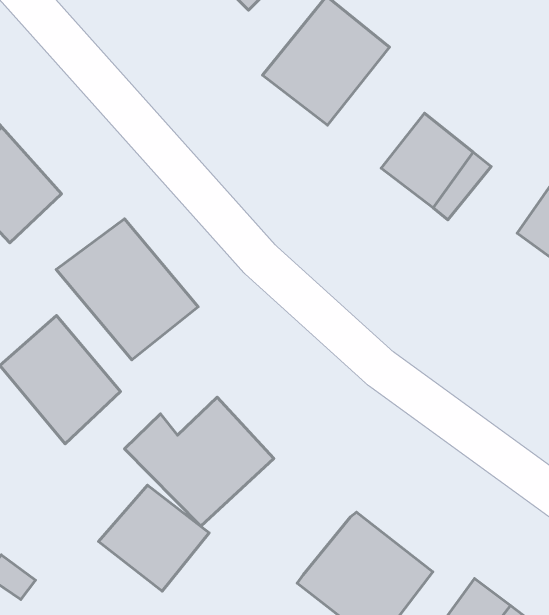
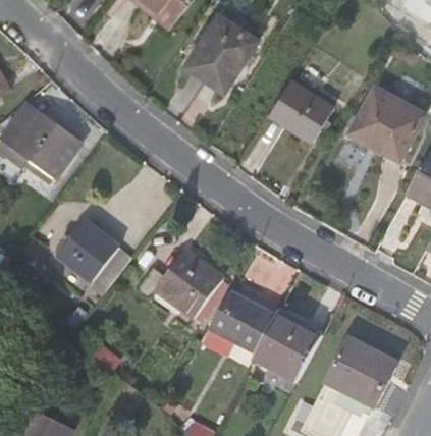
building: [56,219,198,360] -> none
building: [99,485,209,591] -> [208,290,271,350]

